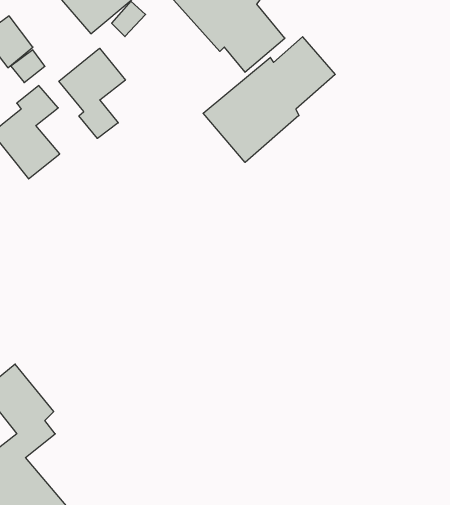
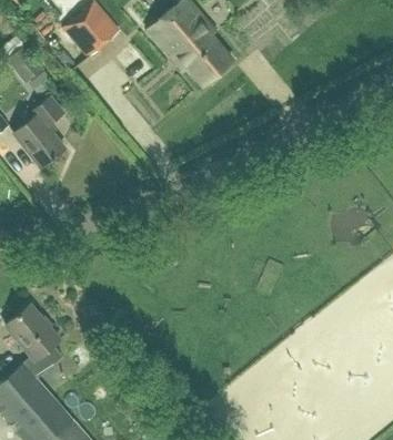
building: [203,37,335,162] -> none
building: [59,48,125,138] -> none

